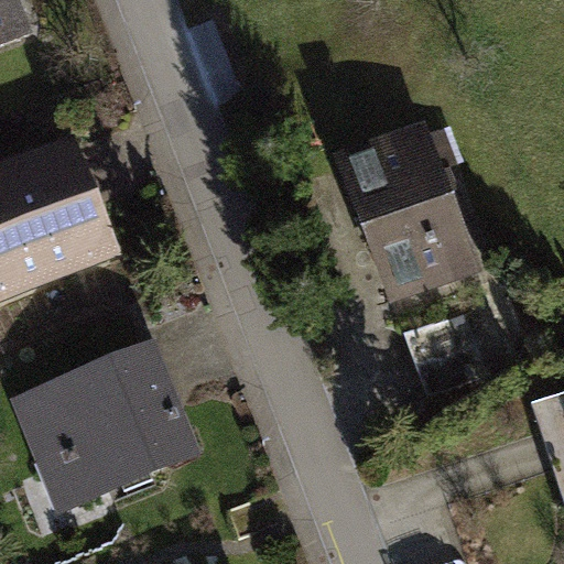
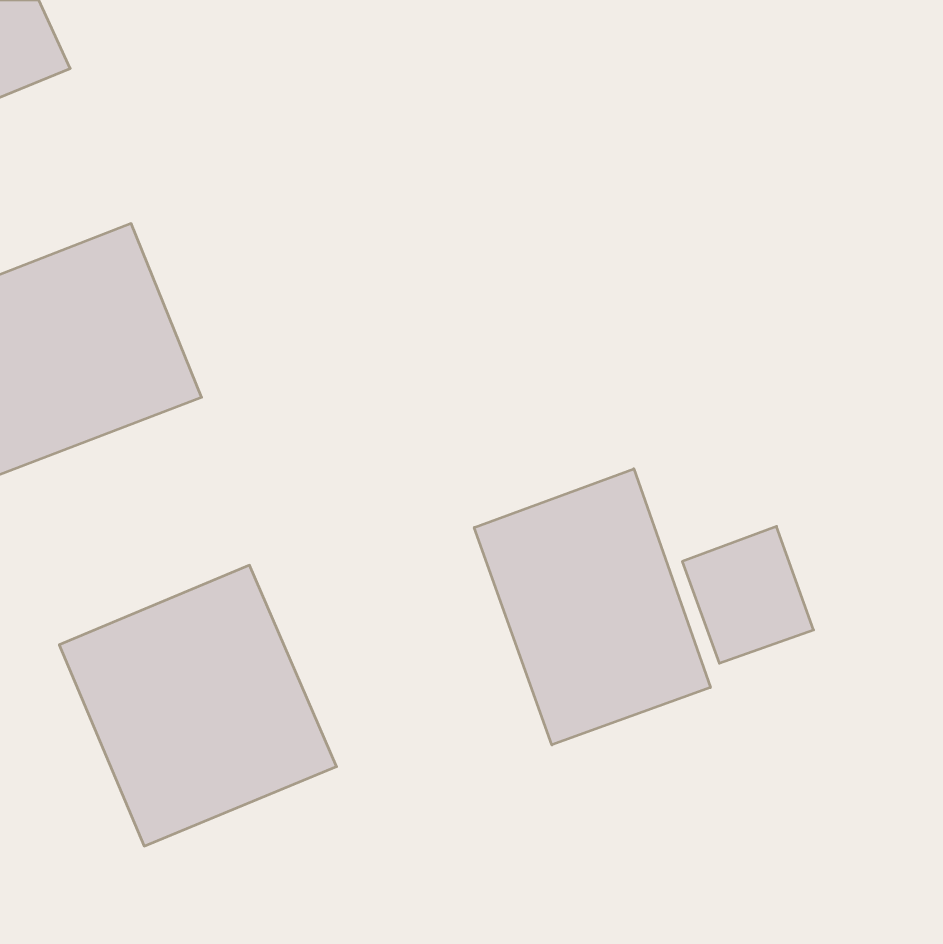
building: [340,132,475,300] -> none
building: none -> [474,469,710,745]

